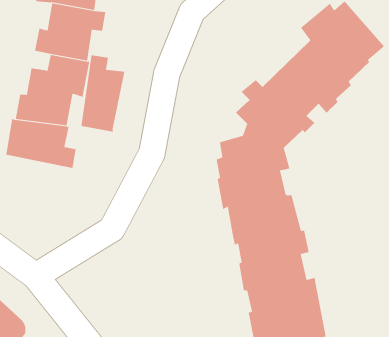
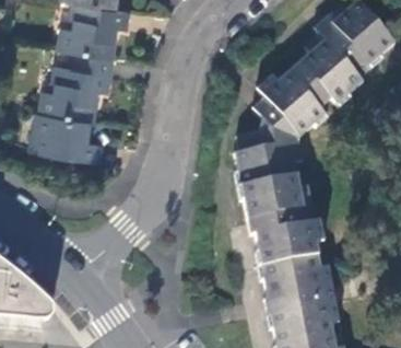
building: [81,54,125,132] -> none

